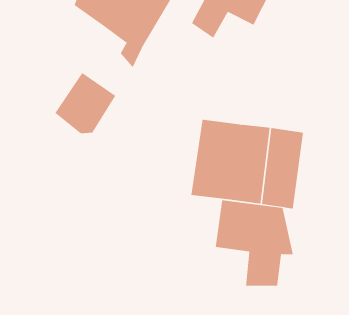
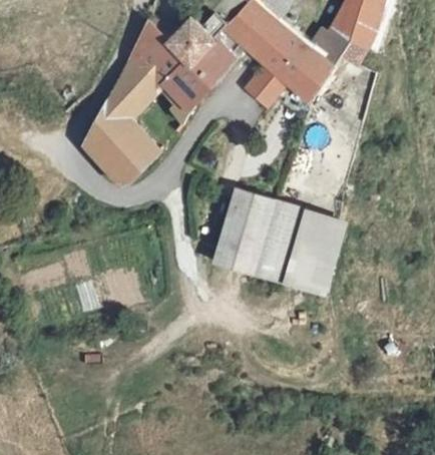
building: none -> [80,53,156,159]
building: [215,199,294,287] -> none

